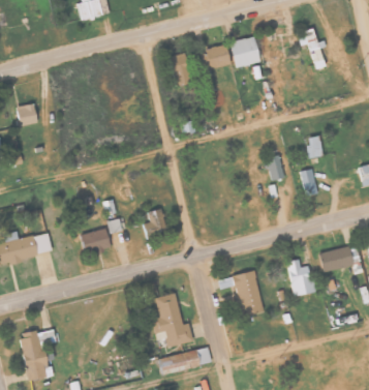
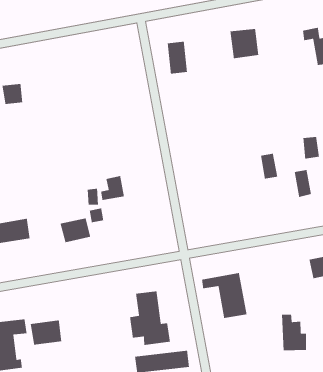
building: [203,44,229,68] -> none
building: [144,207,167,233] -> [100,175,125,201]
building: [289,259,316,295] -> [281,314,307,351]
building: none -> [30,320,62,345]

